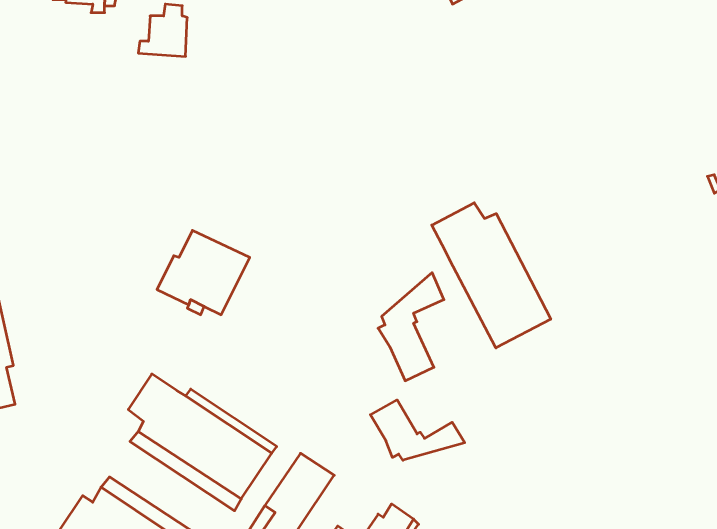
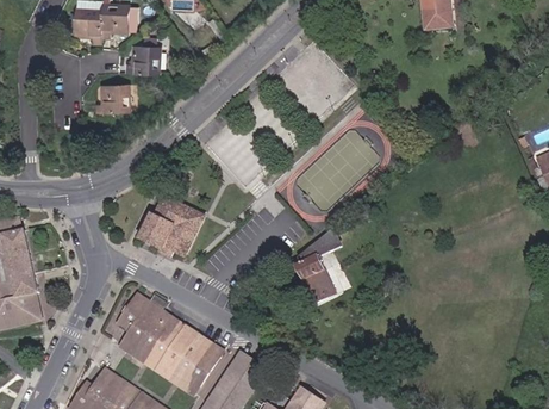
building: none -> [95,83,130,112]
building: [432,203,551,348] -> none
building: [370,400,465,460] -> none

